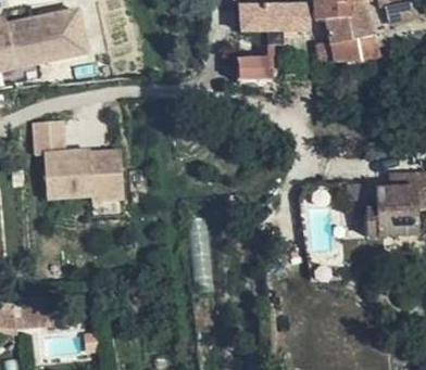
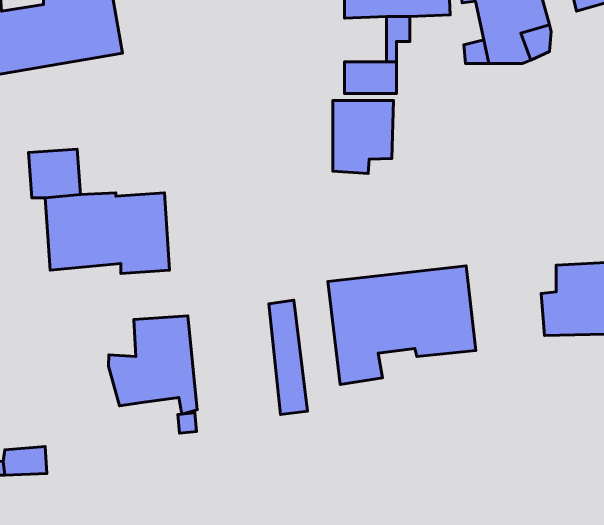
building: none -> [333,100,393,173]
building: none -> [328,266,476,385]
building: none -> [108,316,197,414]

